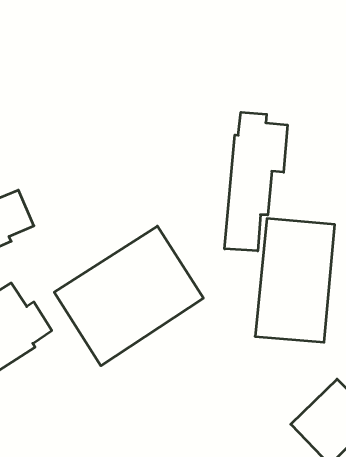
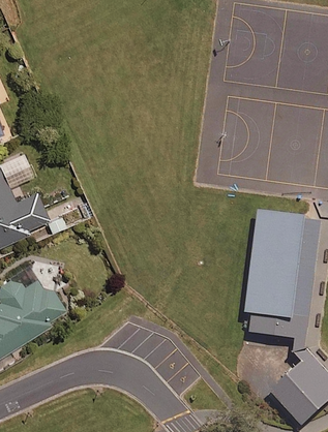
building: [225,112,287,251] -> none
building: [54,226,203,366] -> none

